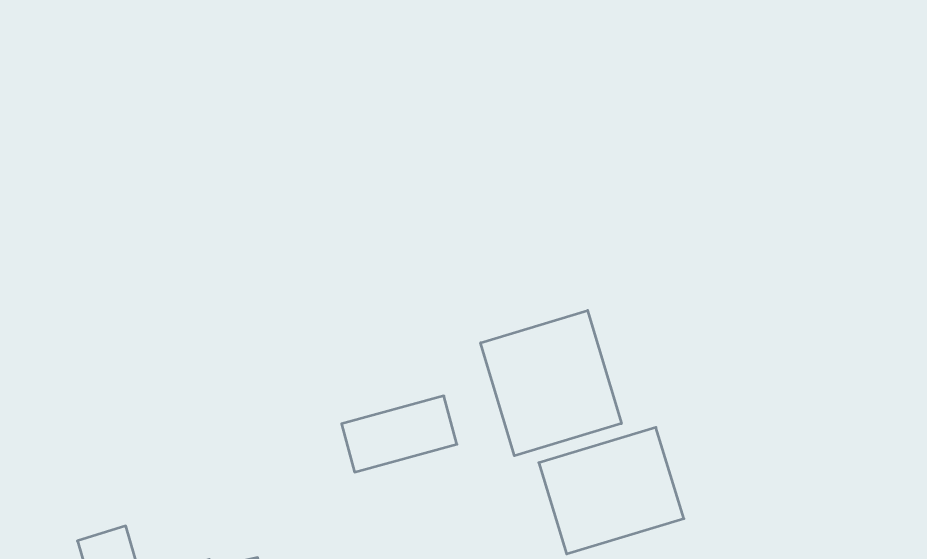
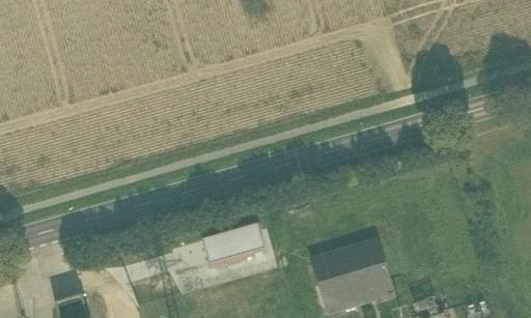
building: [481,310,621,456] -> none

